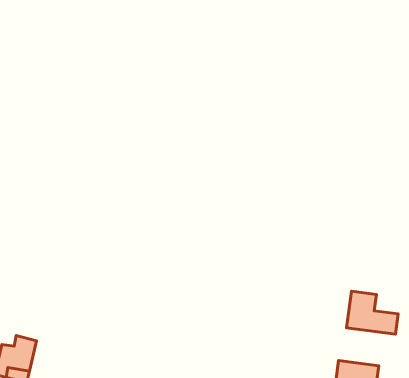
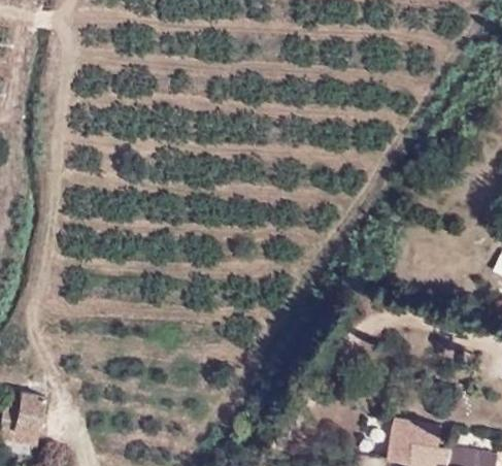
building: [347,291,398,334] -> none

